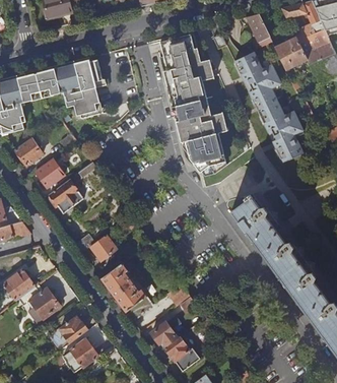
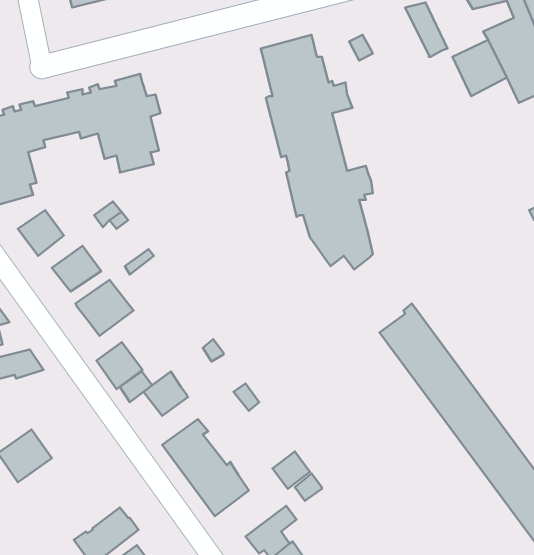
building: [234,52,305,162] -> none
building: none -> [96,342,143,389]
building: [18,283,61,325] -> none

